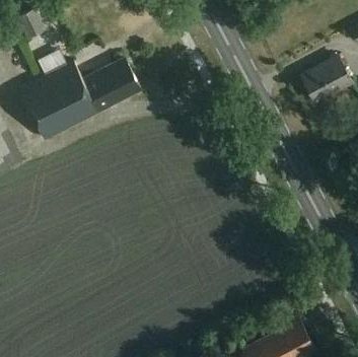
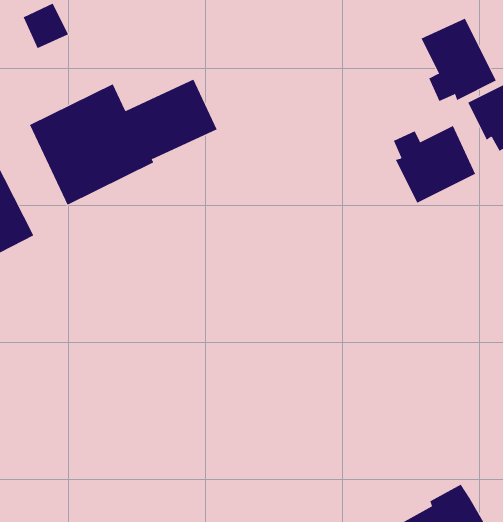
building: none -> [421,18,497,102]
building: none -> [393,125,476,203]

